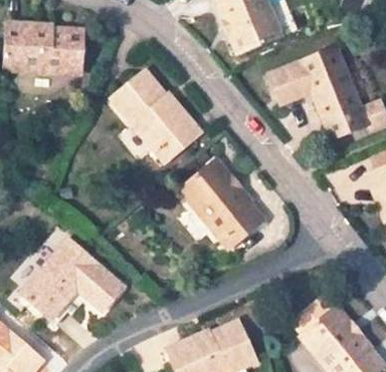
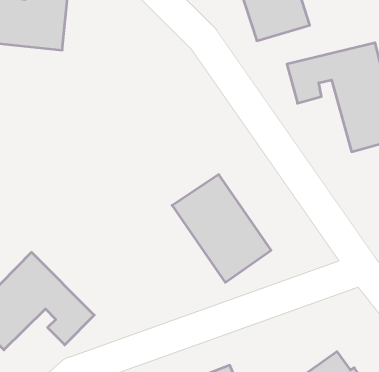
building: [112,71,197,165] -> none

